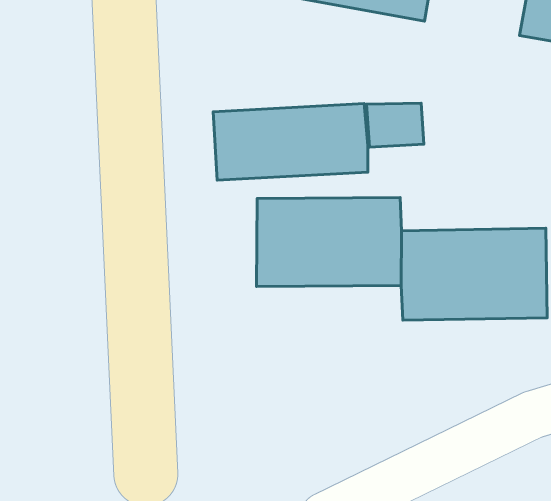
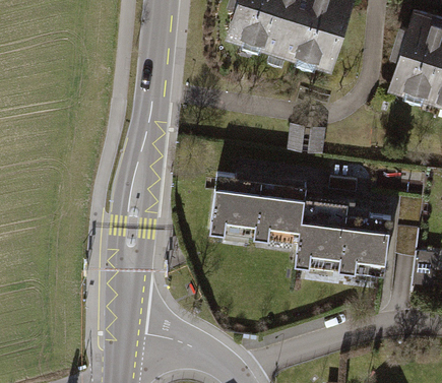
building: [213,104,368,180] -> none

